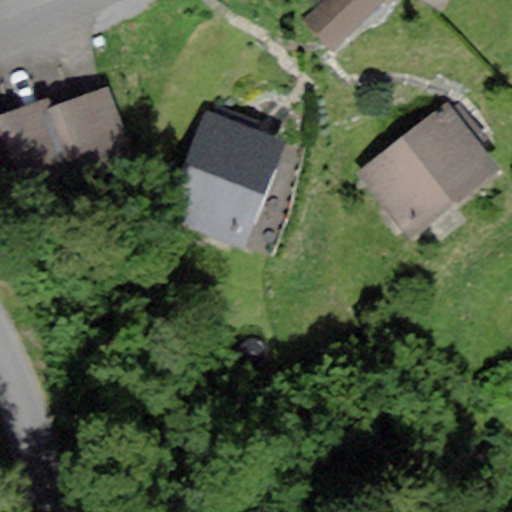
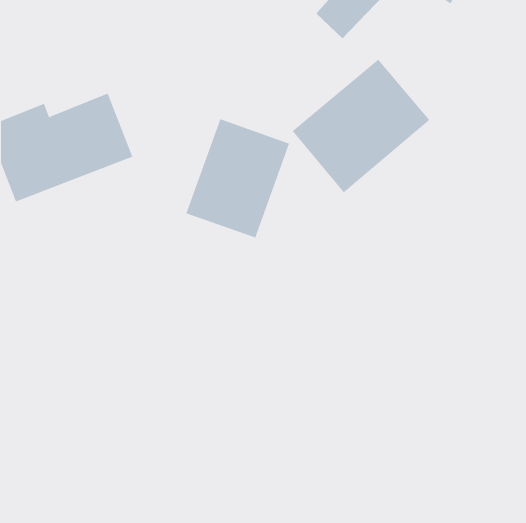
building: [363,106,497,236] -> [292,59,430,193]

